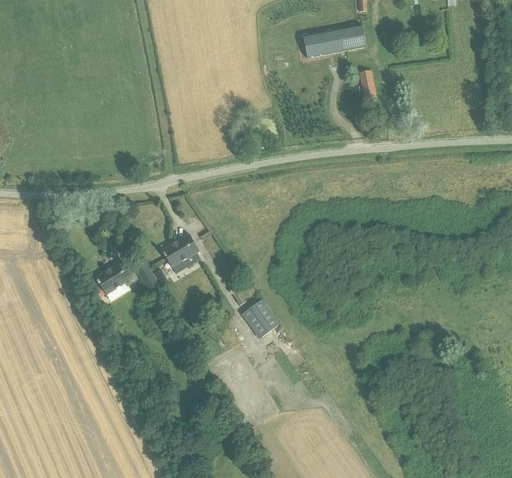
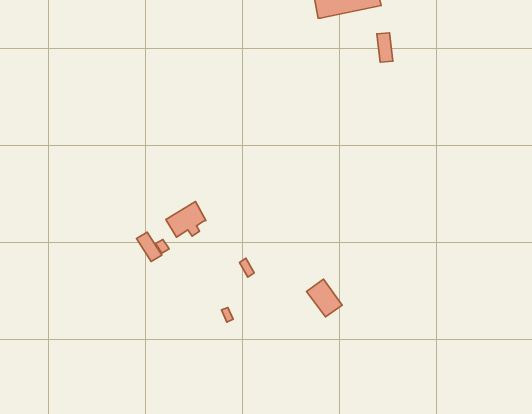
building: [95,260,132,294] -> none
building: [243,300,277,336] -> [307,279,342,317]

